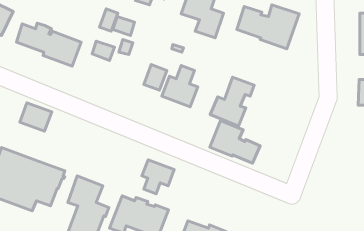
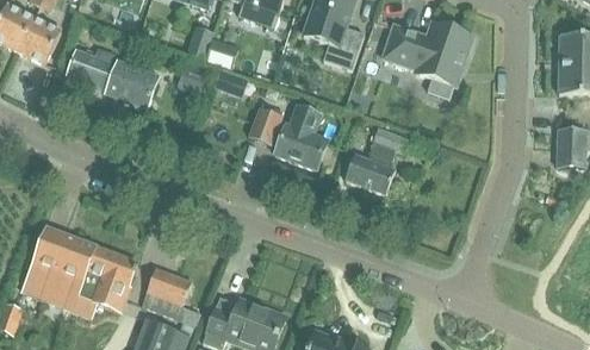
building: [20,103,52,131] -> none
building: [210,120,260,163] -> none
building: [142,160,174,194] -> none

